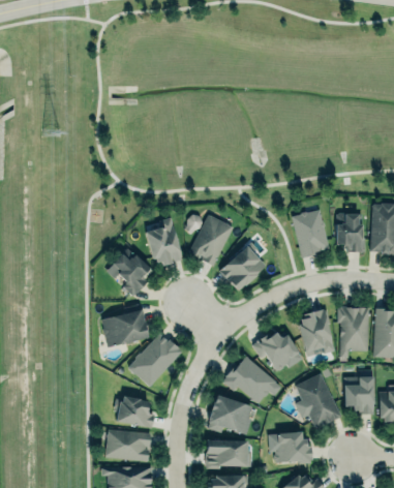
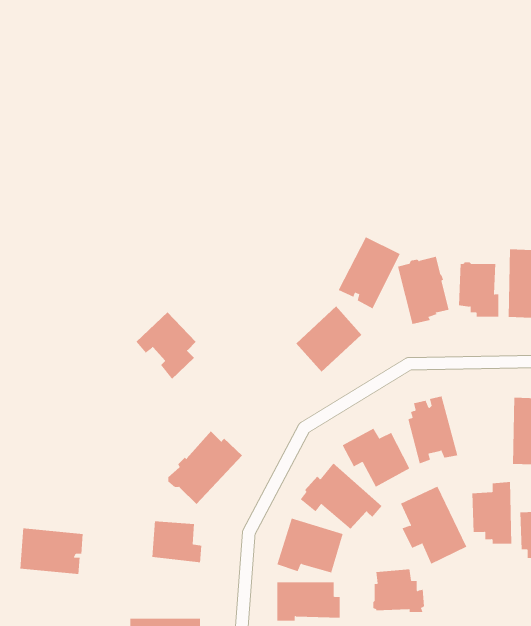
building: [188,214,233,266] -> [338,236,401,309]
building: [145,216,183,265] -> none
building: [337,306,369,357] -> none
building: [101,309,147,346] -> none
building: [105,428,151,461] -> [20,528,84,575]

